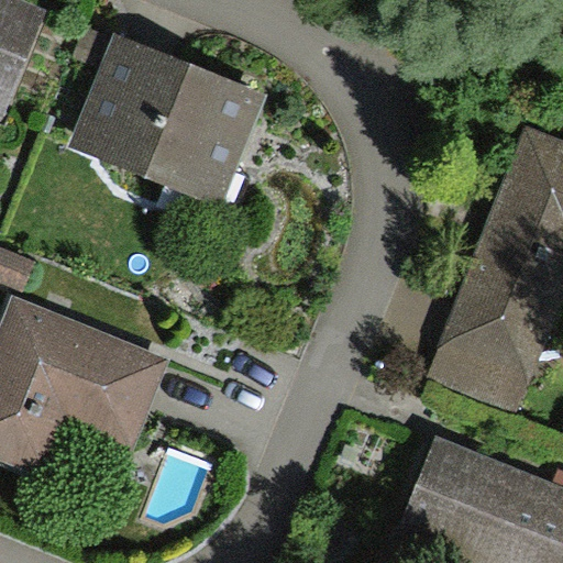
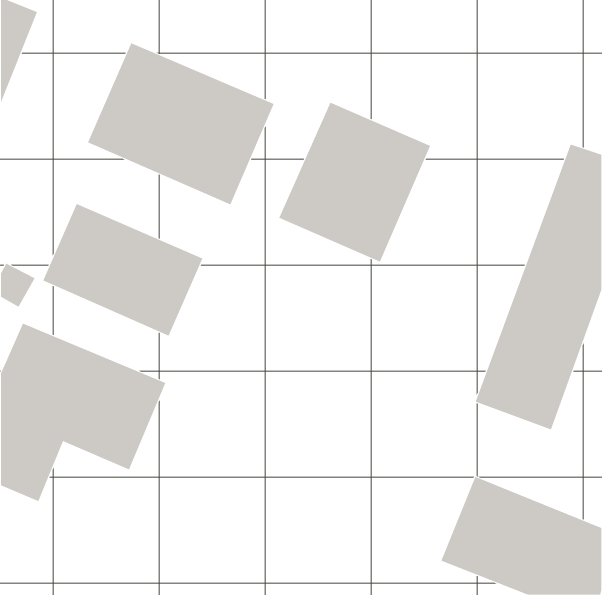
building: none -> [279,102,431,262]
building: none -> [43,203,203,337]

